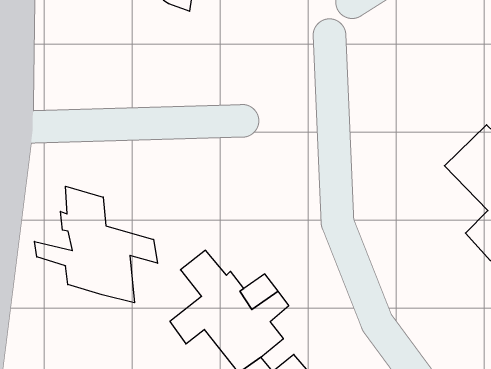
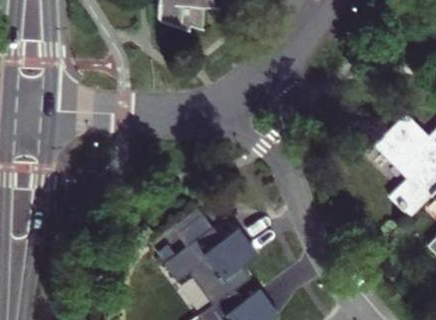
building: [34,186,158,303] -> none

